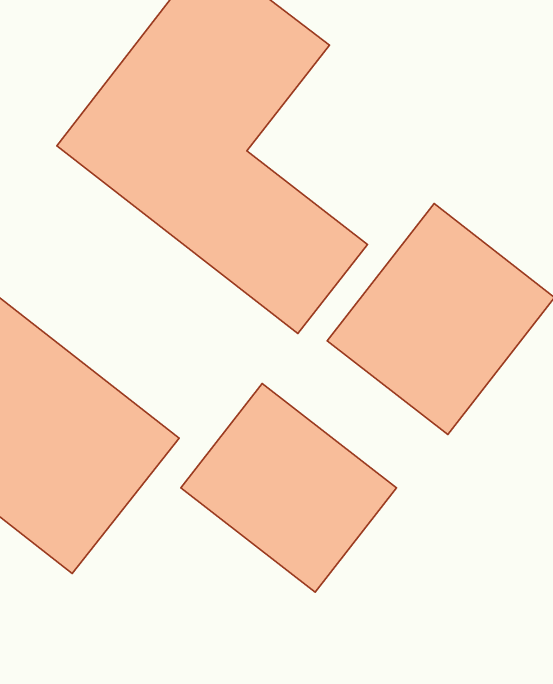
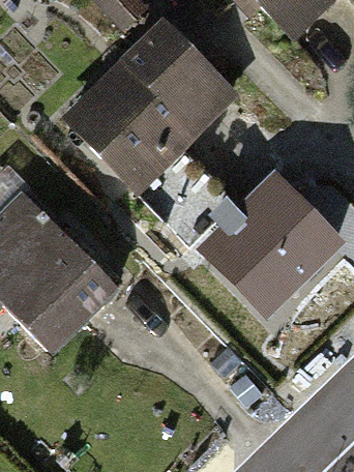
building: [181,383,397,592] -> none

